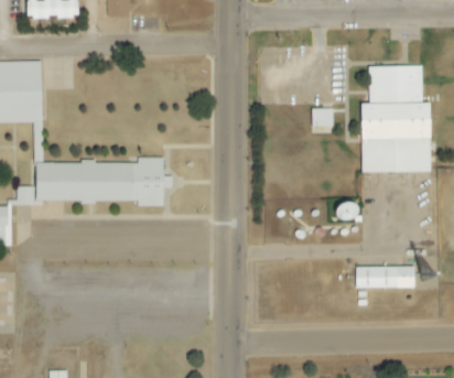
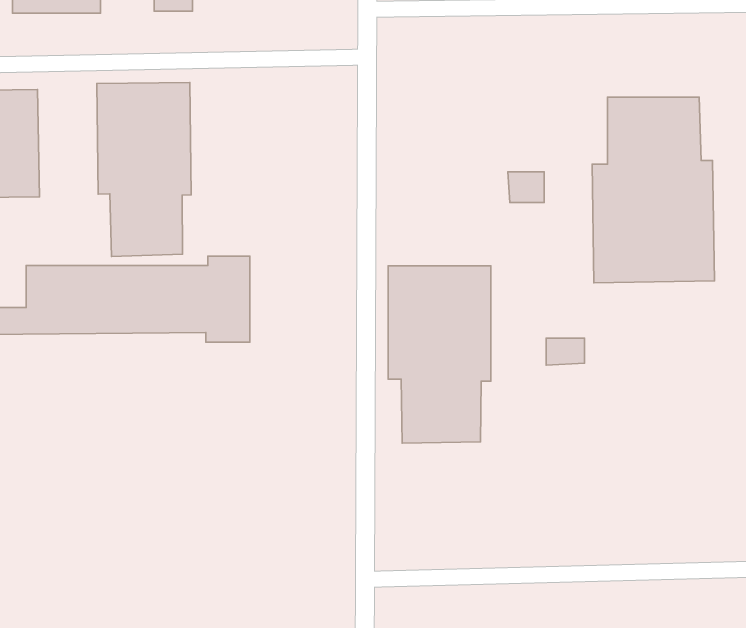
building: none -> [97,82,191,256]
building: none -> [388,266,491,443]
building: [356,267,413,288] -> none

